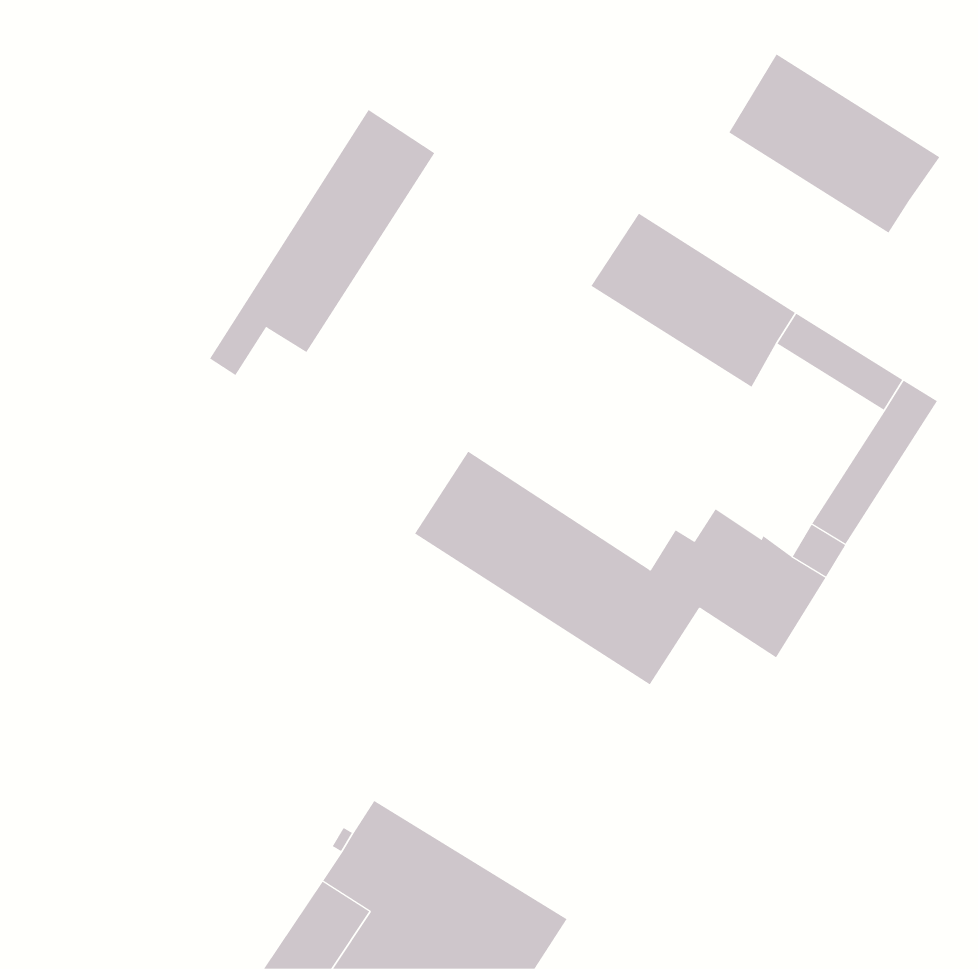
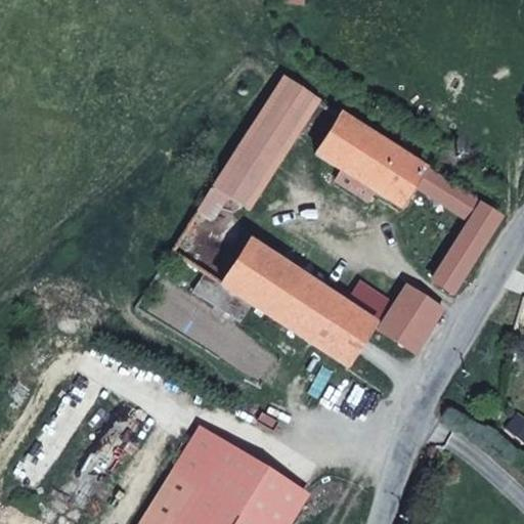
building: [728,54,940,234] -> none
building: [209,109,435,376] -> [199,77,319,219]

